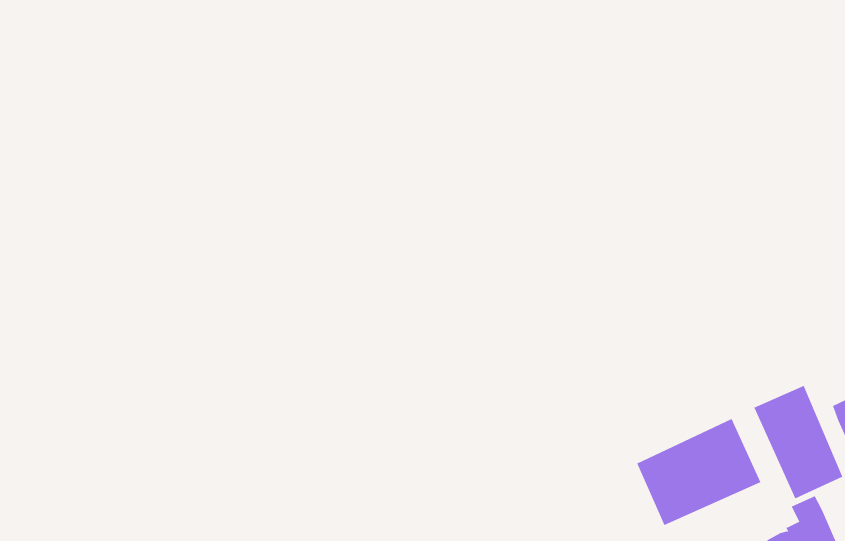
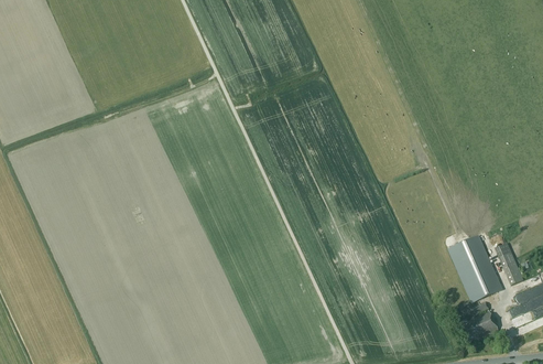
building: [637,418,761,526] -> none

